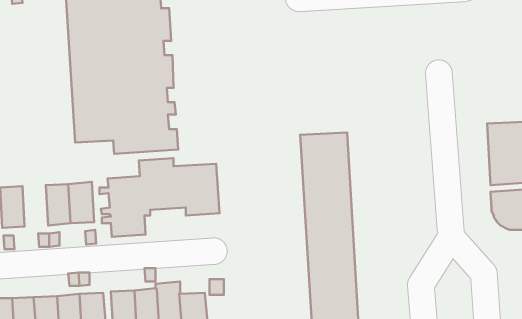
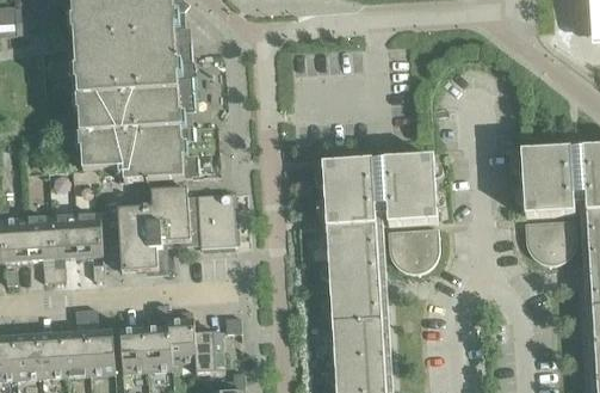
building: none -> [384,158,438,226]
building: none -> [26,217,54,262]
building: none -> [388,229,439,274]

